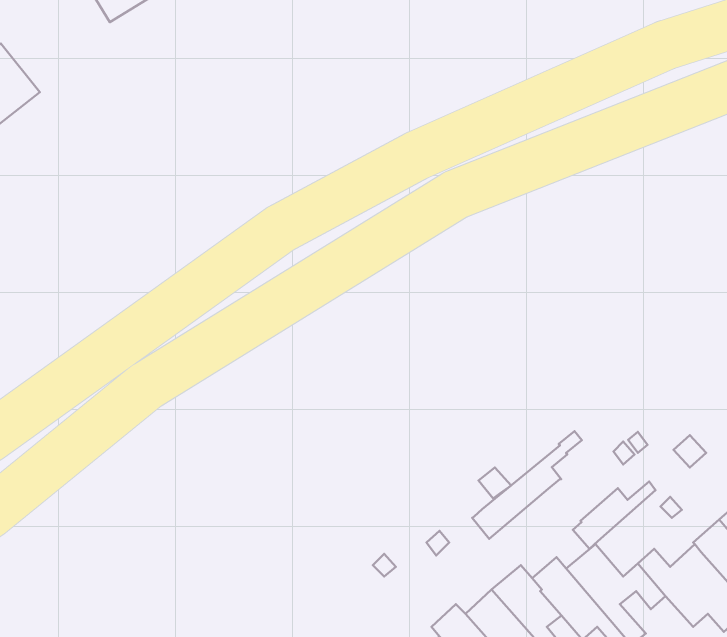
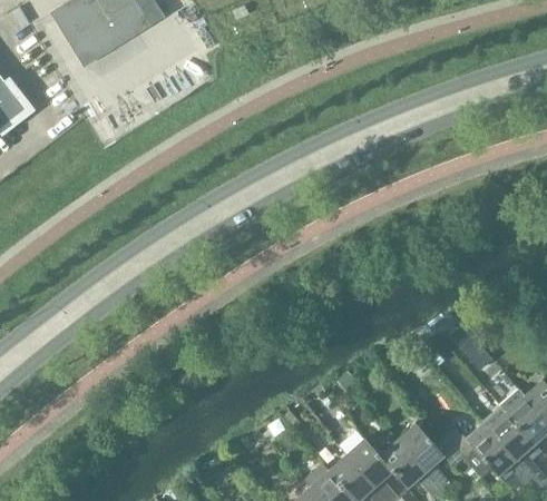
building: [472,431,582,539] -> none
building: [573,481,656,549] -> none

